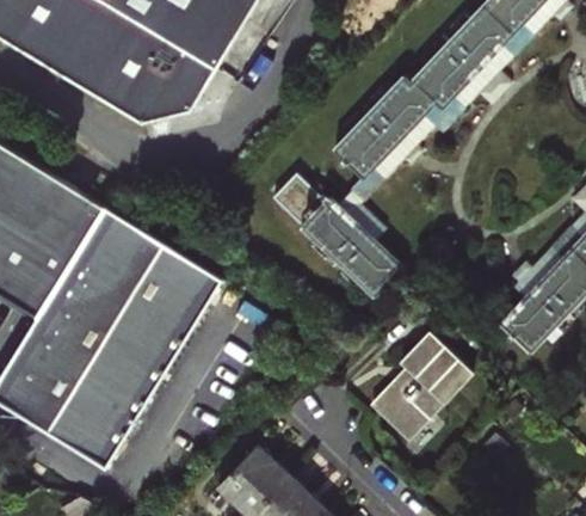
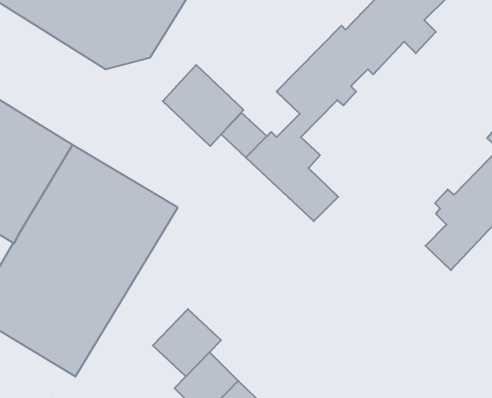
building: none -> [163,65,243,146]
building: [369,333,473,437] -> none
building: none -> [153,309,221,377]

